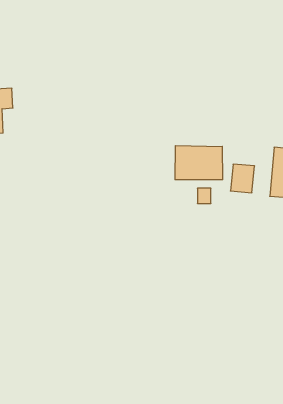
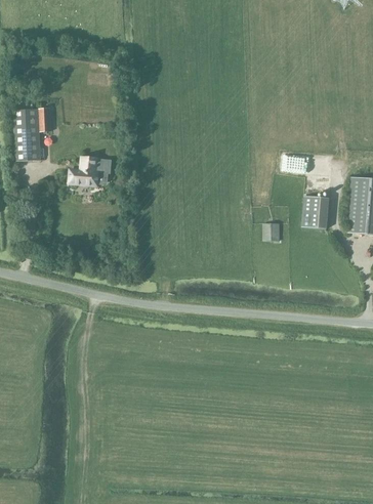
building: none -> [70,158,112,185]
building: [175,146,223,180] -> none

